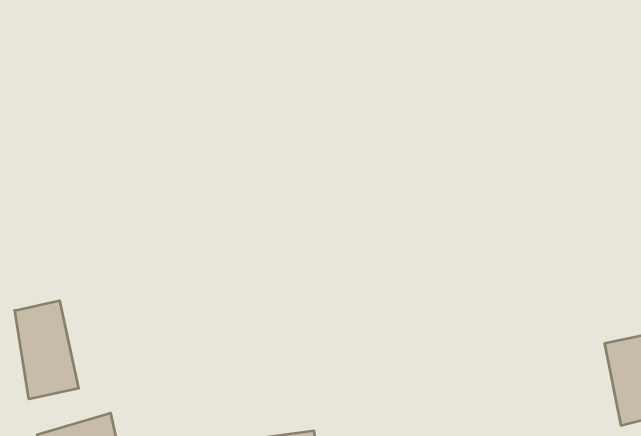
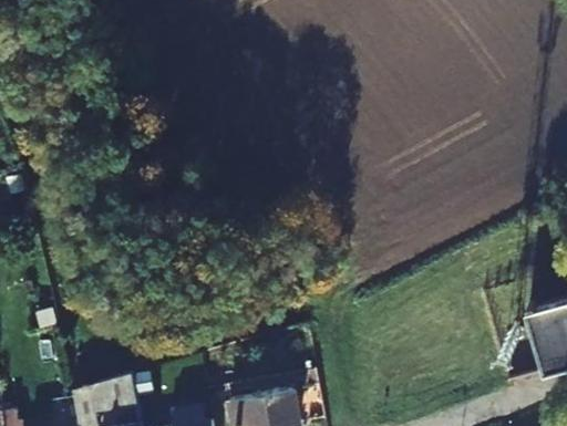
building: [15,301,79,399] -> none

